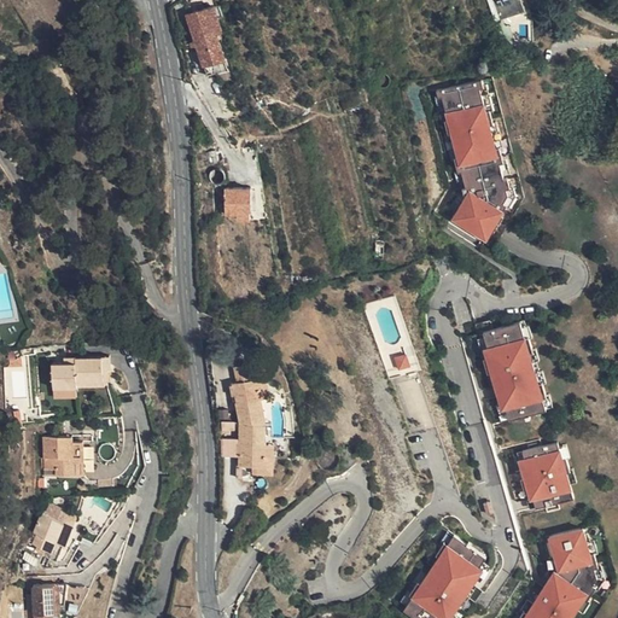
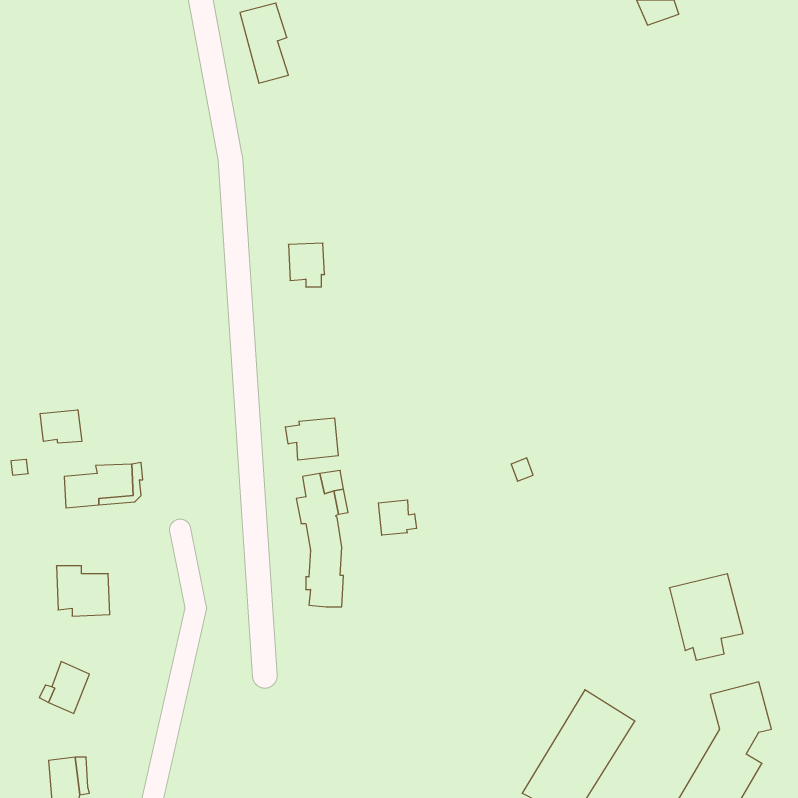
building: [432,82,509,243] -> none
building: none -> [40,410,82,443]
building: [483,321,546,421] -> none
building: none -> [286,418,338,460]
building: none -> [378,500,417,535]

